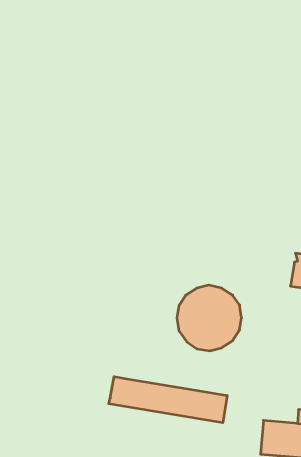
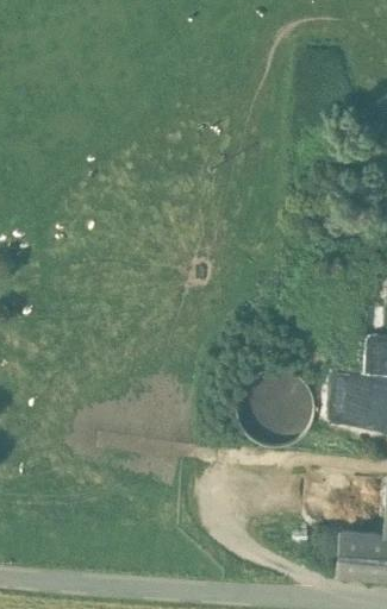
building: [109,377,227,423] -> none

